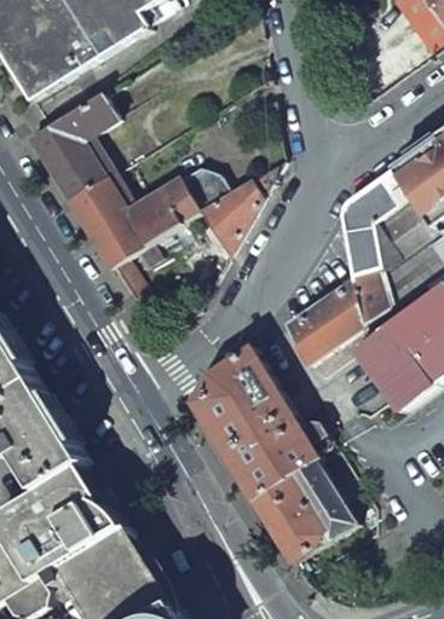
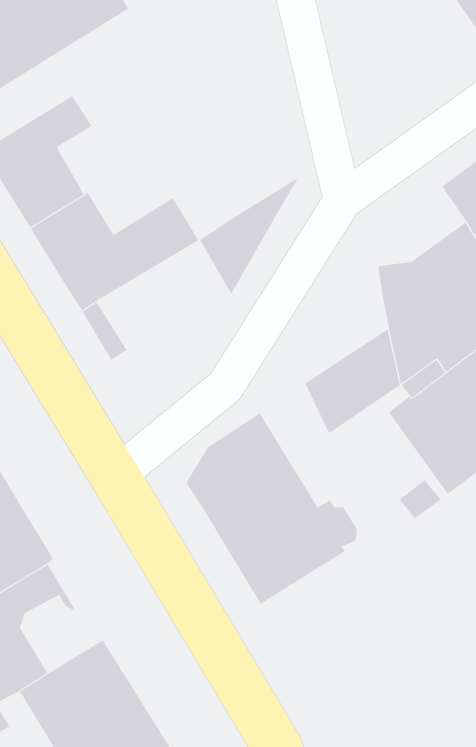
building: [181,167,227,210] -> none
building: [341,168,414,231] -> none
building: [250,459,353,563] -> none
building: [60,492,126,554] -> none

